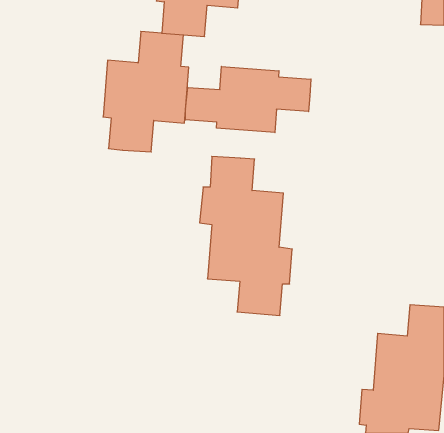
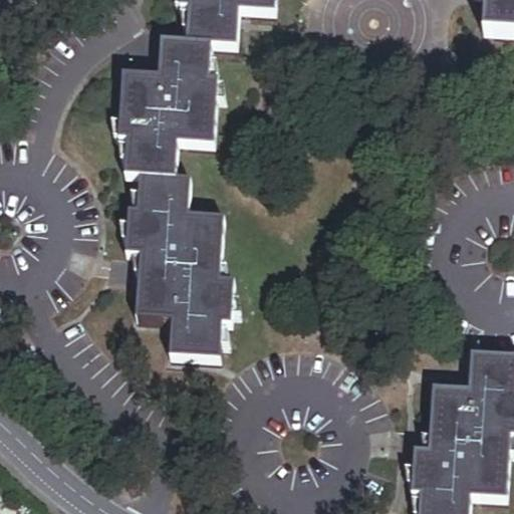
building: [185,66,311,133] -> none
building: [200,156,292,315] -> [126,173,233,355]

